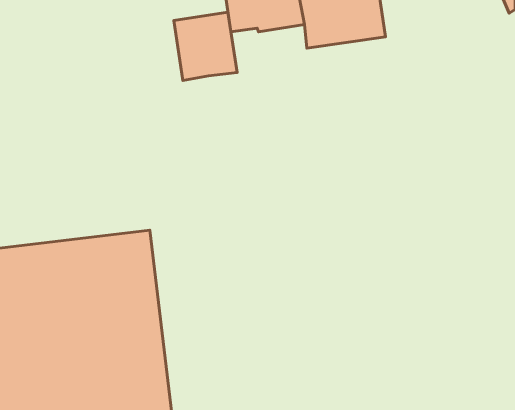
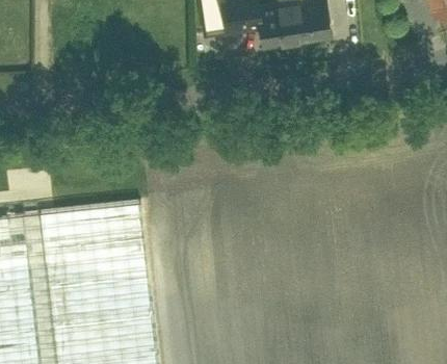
building: [174,12,237,81] -> none

